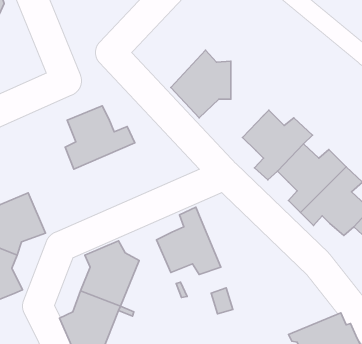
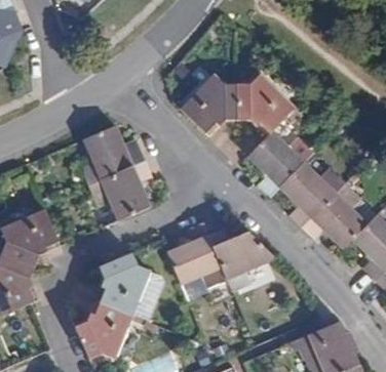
building: none -> [236,74,294,135]
building: none -> [88,161,152,221]
building: none -> [208,229,271,290]

